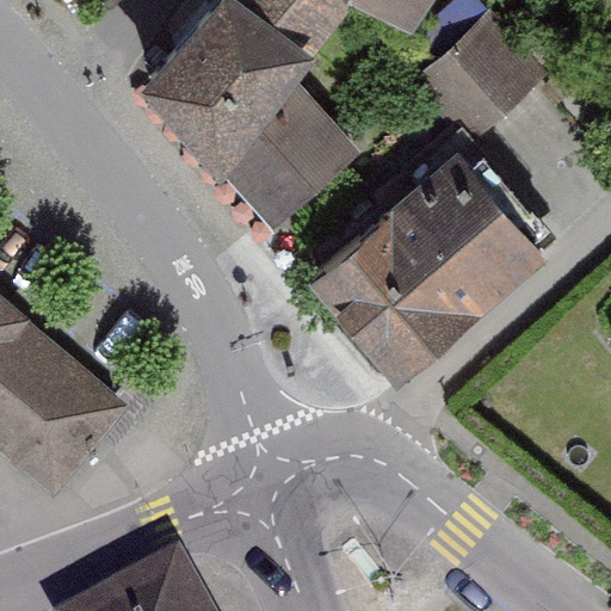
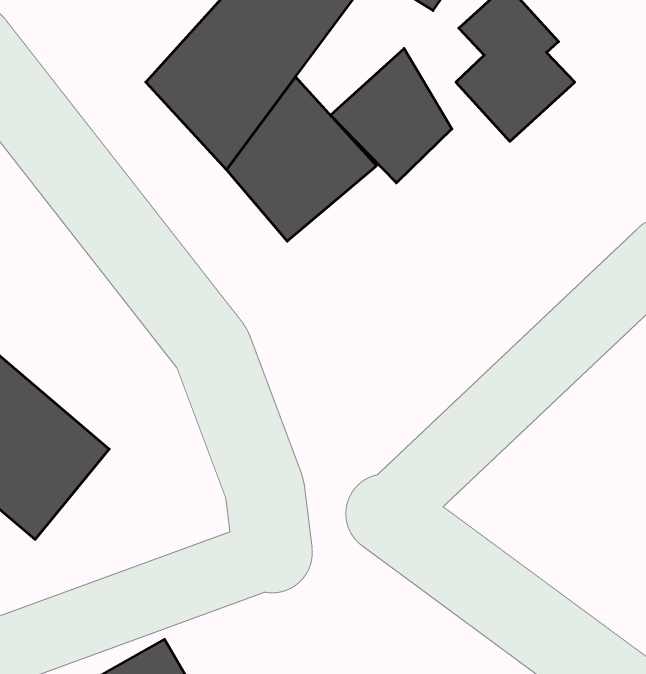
building: none -> [330,48,452,183]
building: [322,161,539,374] -> none

